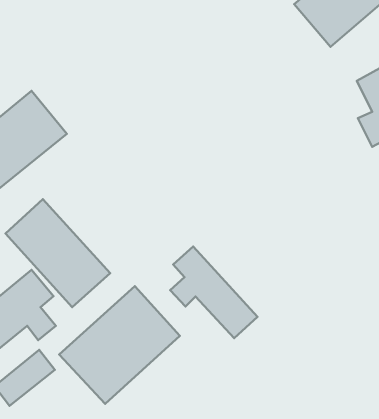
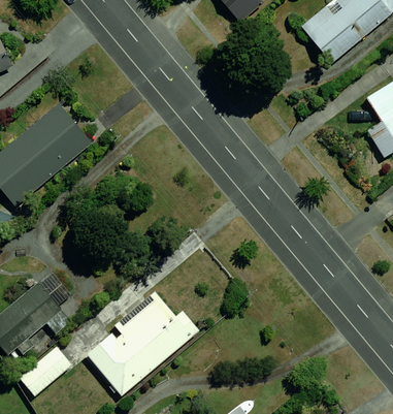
building: [6,199,110,307] -> none
building: [170,246,258,338] -> none

